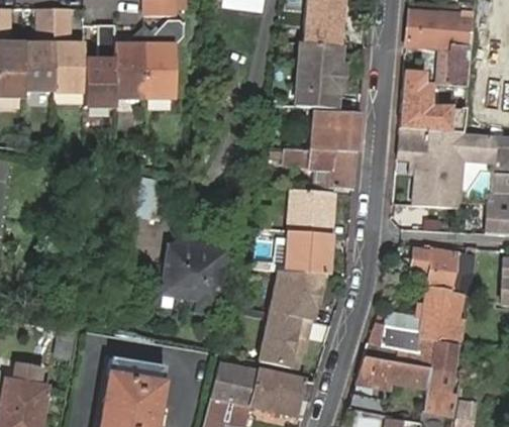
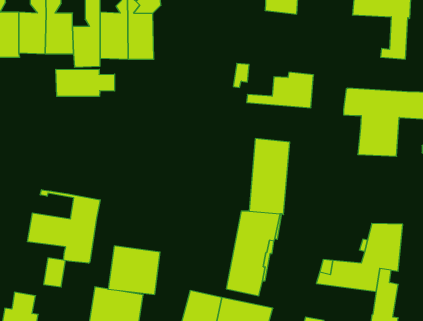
building: [296,41,342,107] -> none
building: [400,73,470,134] -> none
building: none -> [56,69,115,96]
building: [282,146,359,189] -> none
building: none -> [28,190,100,263]
building: [163,246,222,302] -> [108,246,160,294]
building: [414,249,467,286] -> none
building: [355,353,433,389] -> none

